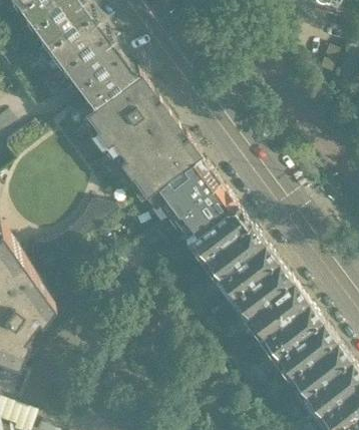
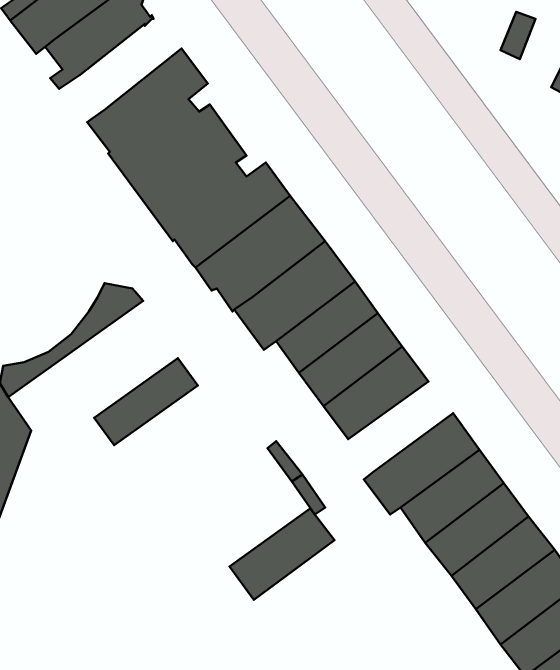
building: [78,56,136,108] -> none
building: none -> [94,358,198,445]
building: [232,264,292,316] -> [229,509,335,600]

